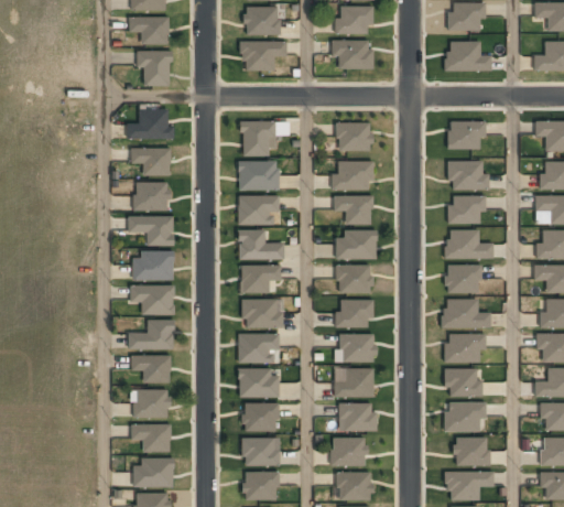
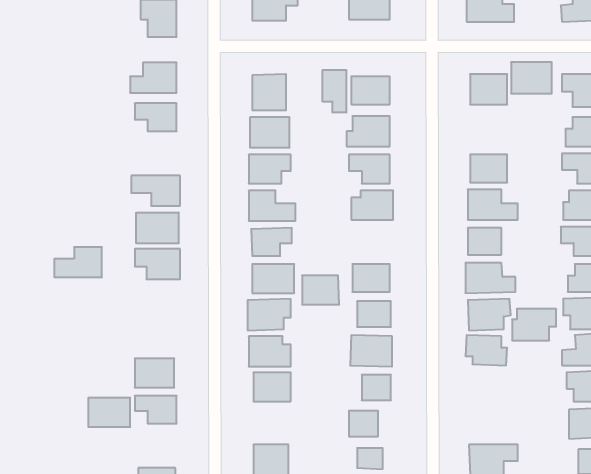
building: none -> [323,70,346,113]
building: [448,161,487,191] -> [511,62,552,94]
building: [134,183,167,211] -> none
building: [337,266,372,293] -> [302,275,339,305]
building: [129,321,174,349] -> [54,247,102,277]
building: [131,355,171,384] -> none
building: [445,402,487,432] -> [512,309,556,340]
building: [242,440,279,465] -> none
building: [459,440,485,464] -> none
building: [133,460,173,487] -> [88,398,130,427]

